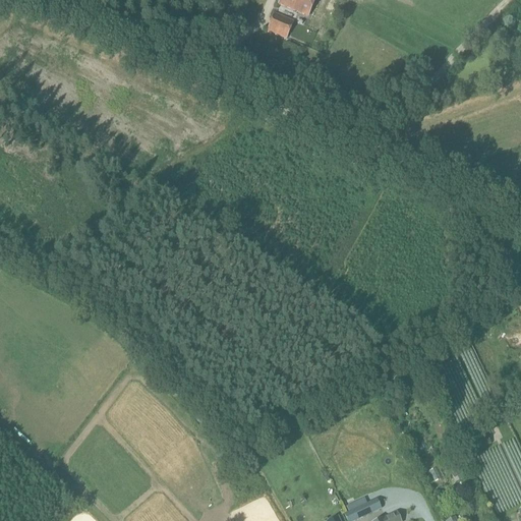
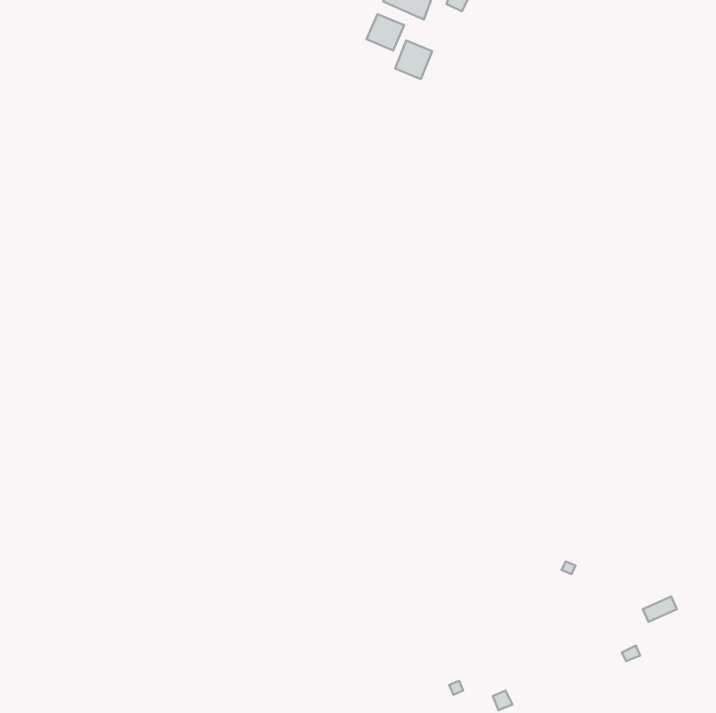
building: none -> [395,40,432,79]

